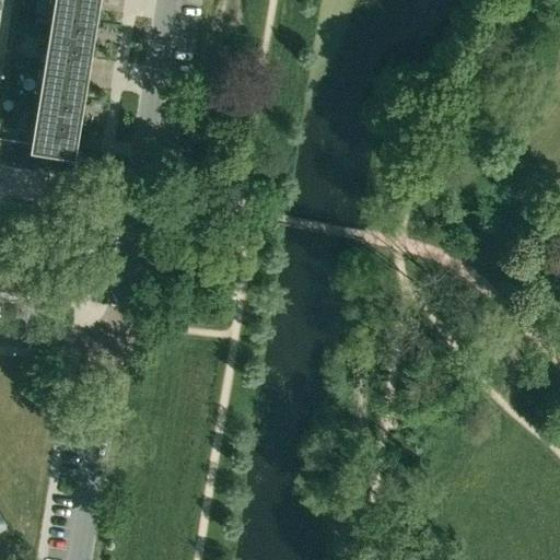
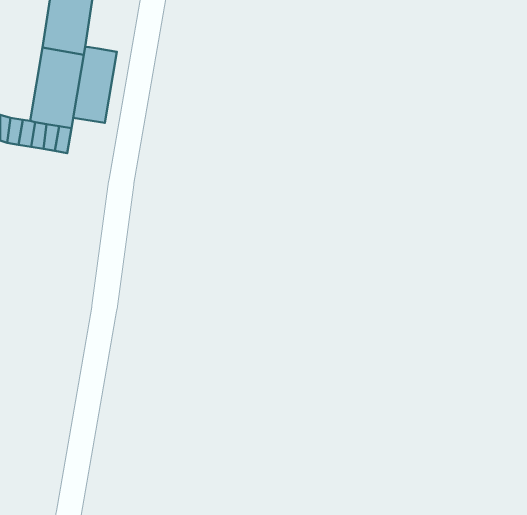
building: none -> [73,47,117,123]

